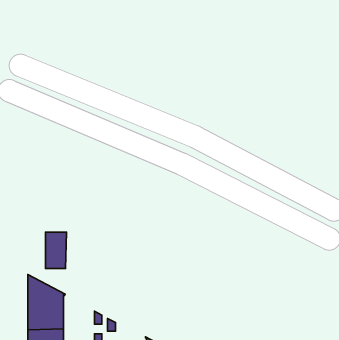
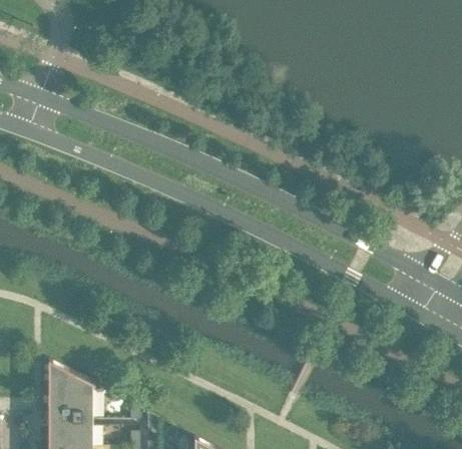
building: [45,232,67,268] -> none

